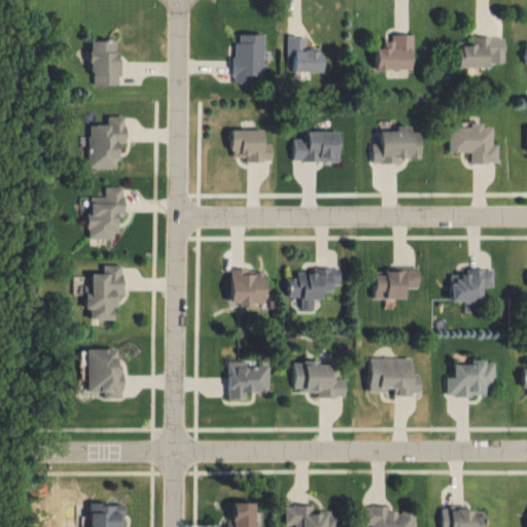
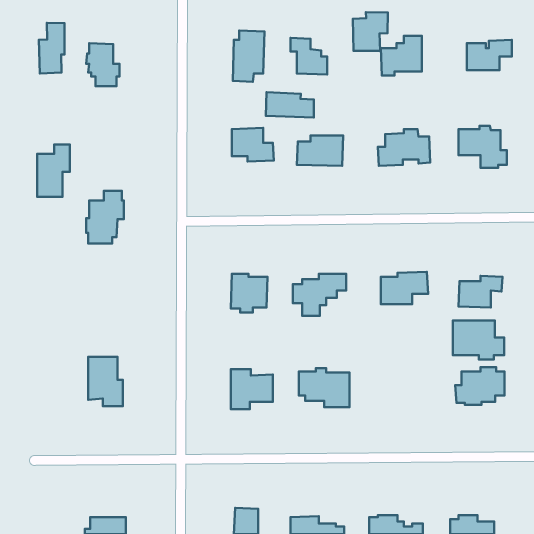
building: none -> [353,12,388,51]
building: none -> [39,23,64,74]
building: none -> [266,92,314,117]
building: [91,116,122,168] -> [37,145,70,197]
building: [85,266,122,320] -> none
building: [372,359,422,397] -> [453,321,504,359]

